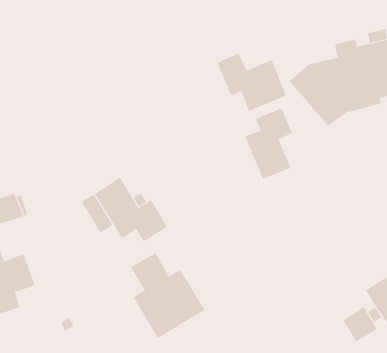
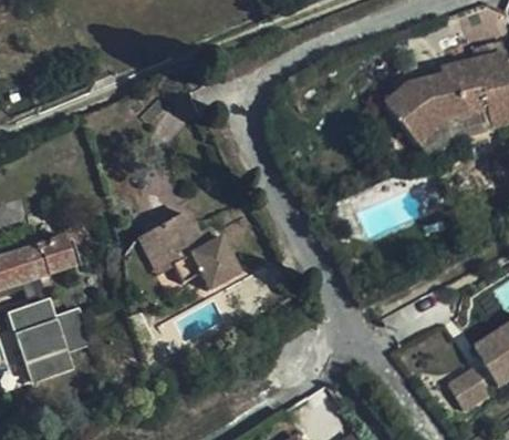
building: [217,52,286,112] -> none
building: [245,108,293,179] -> none
building: [130,252,205,339] -> none

